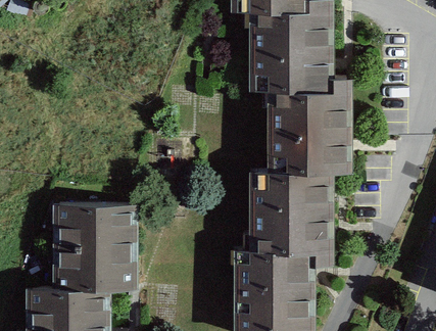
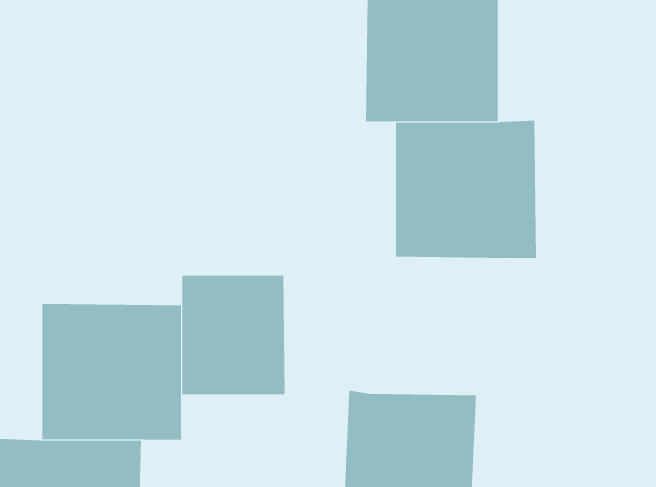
building: [251,180,336,266] -> none
building: none -> [182,275,285,395]

